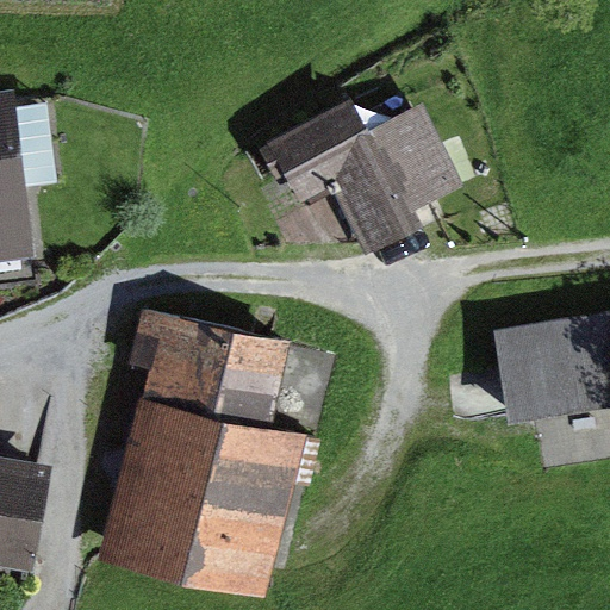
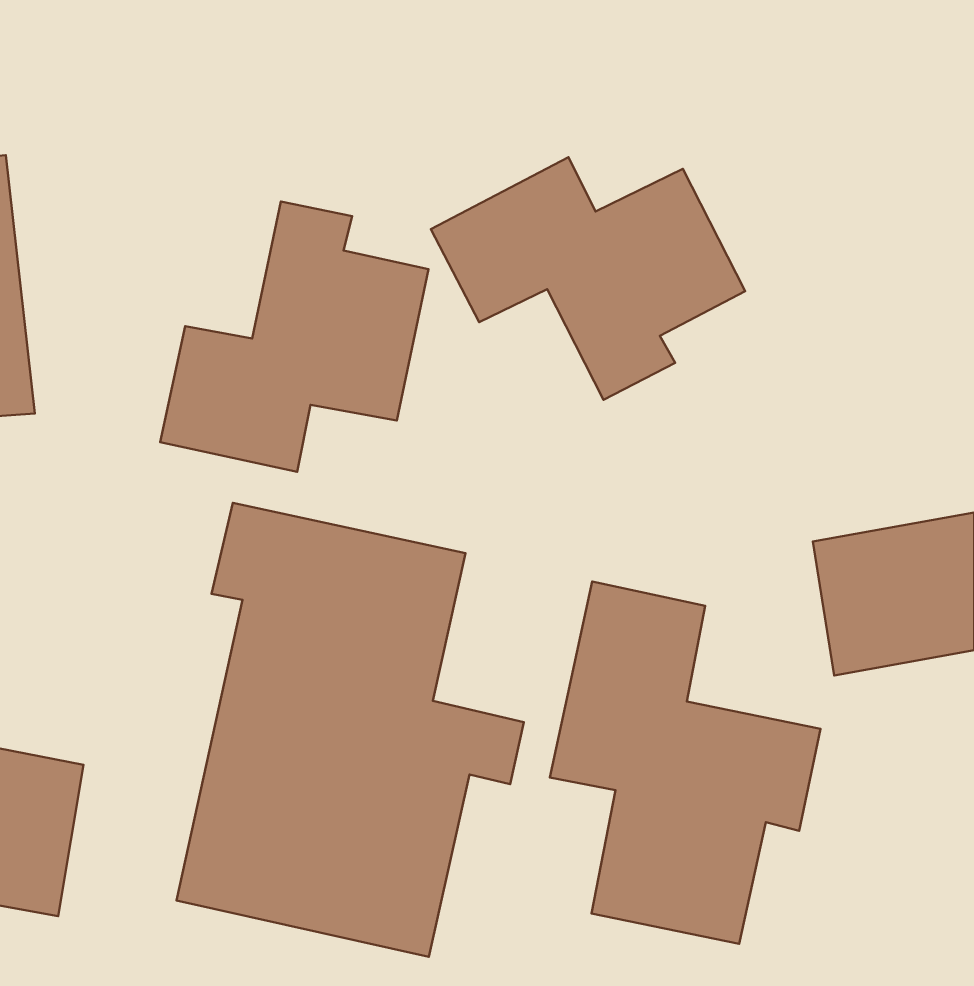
building: none -> [160,201,428,472]
building: none -> [550,581,821,944]

